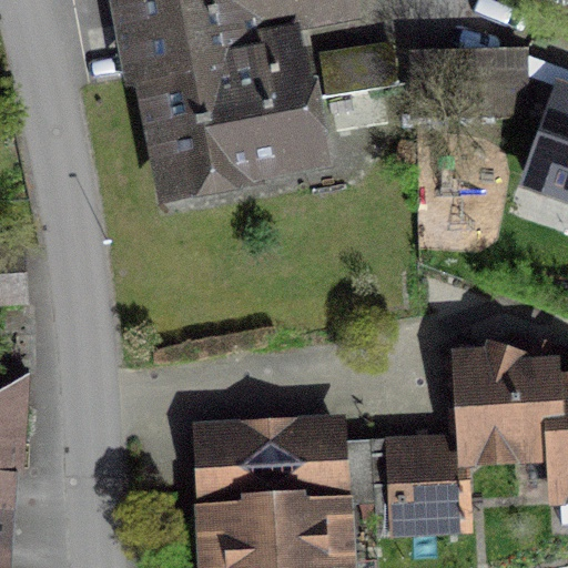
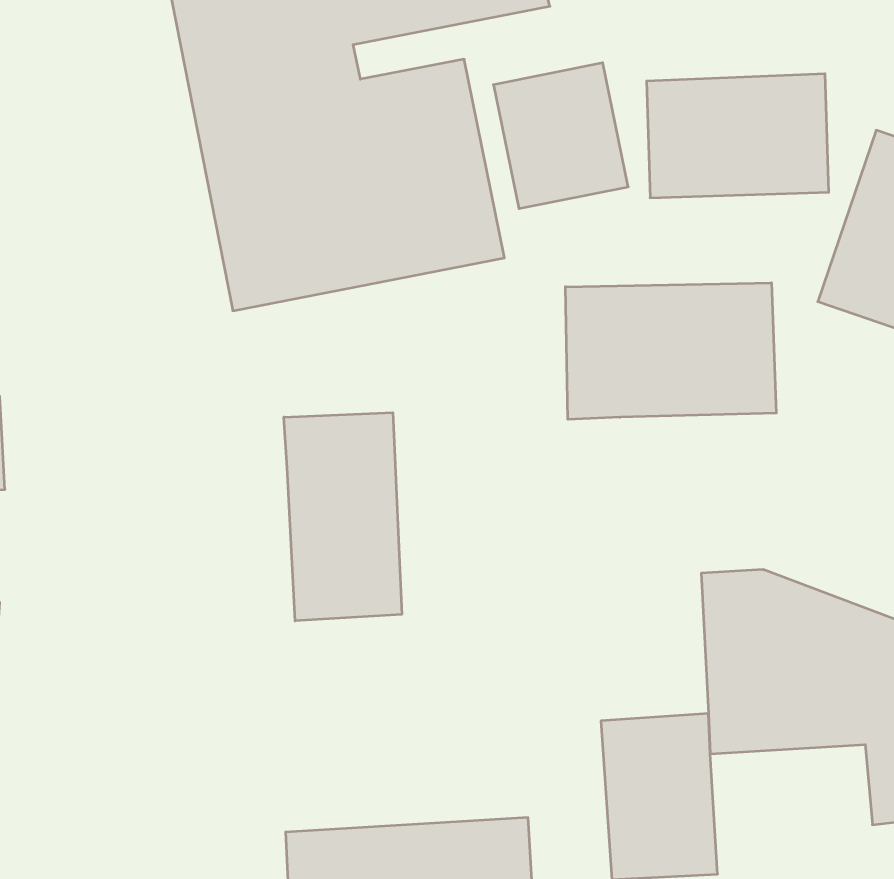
building: none -> [565,283,776,419]
building: none -> [284,413,402,621]
building: [193,423,344,513] -> none

